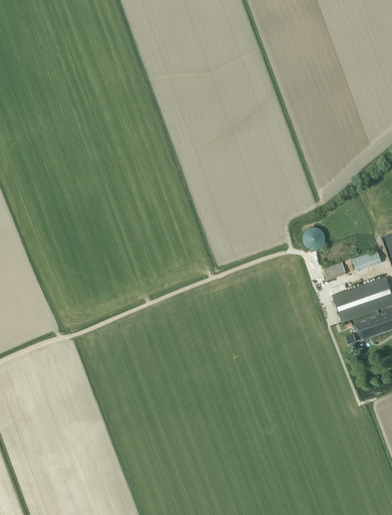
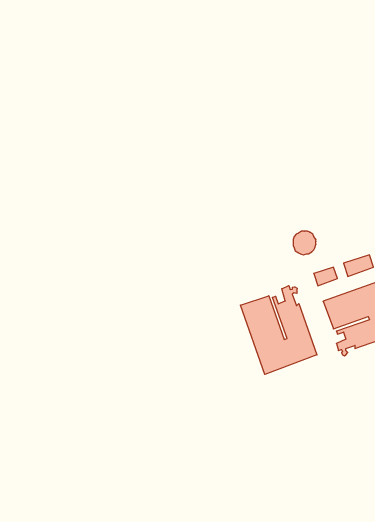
building: none -> [240,286,317,374]

